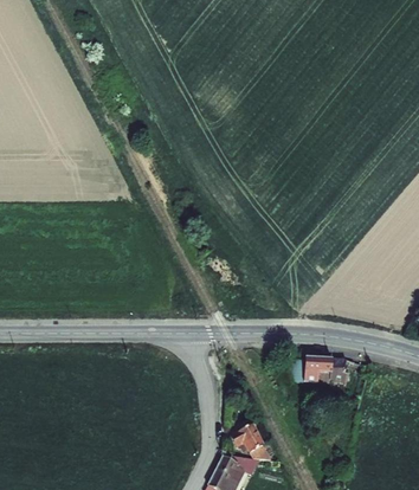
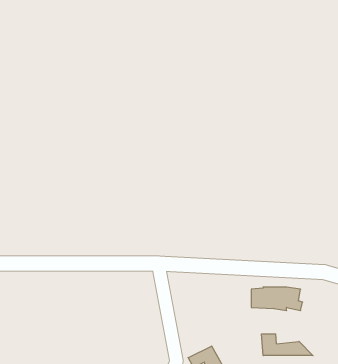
building: none -> [262,334,313,356]

